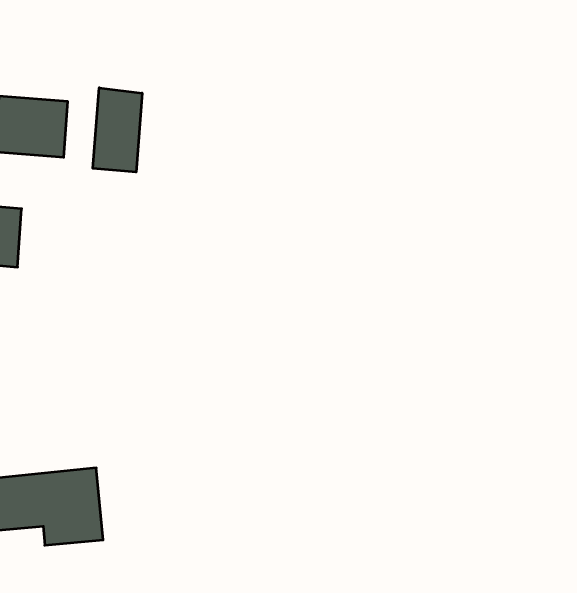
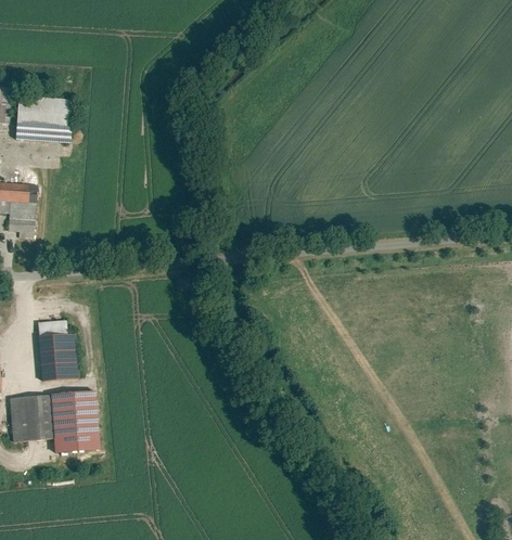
building: [93,88,142,172] -> none
building: none -> [35,319,77,382]

